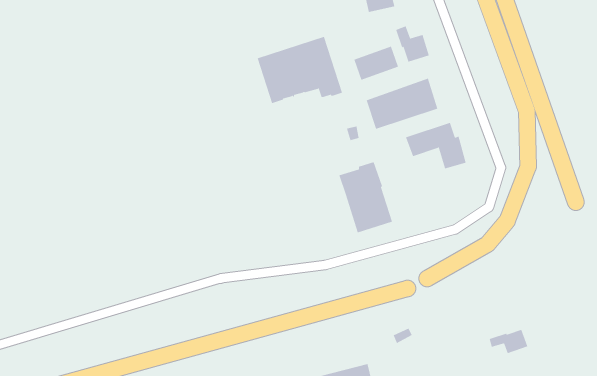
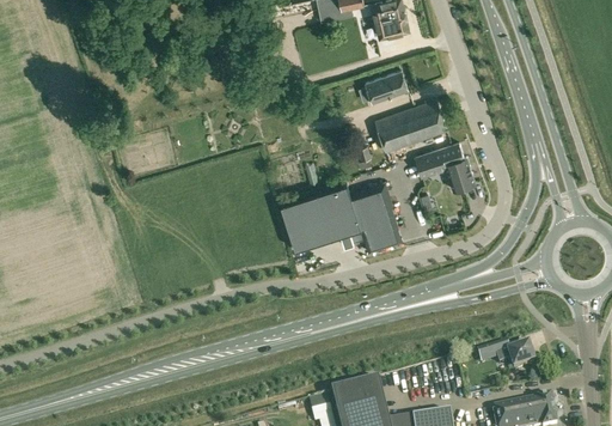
building: [396,26,430,63] -> none
building: [257,36,343,104] -> [280,183,363,249]

